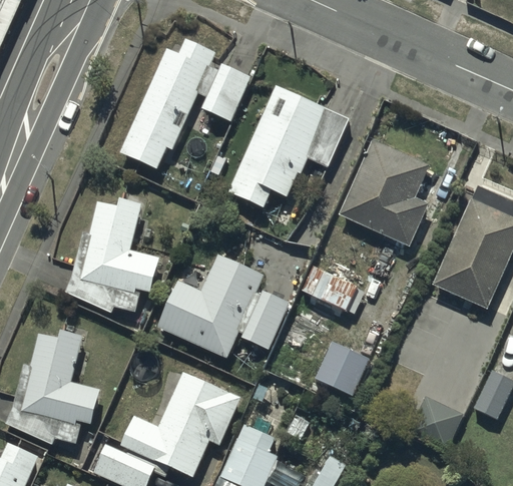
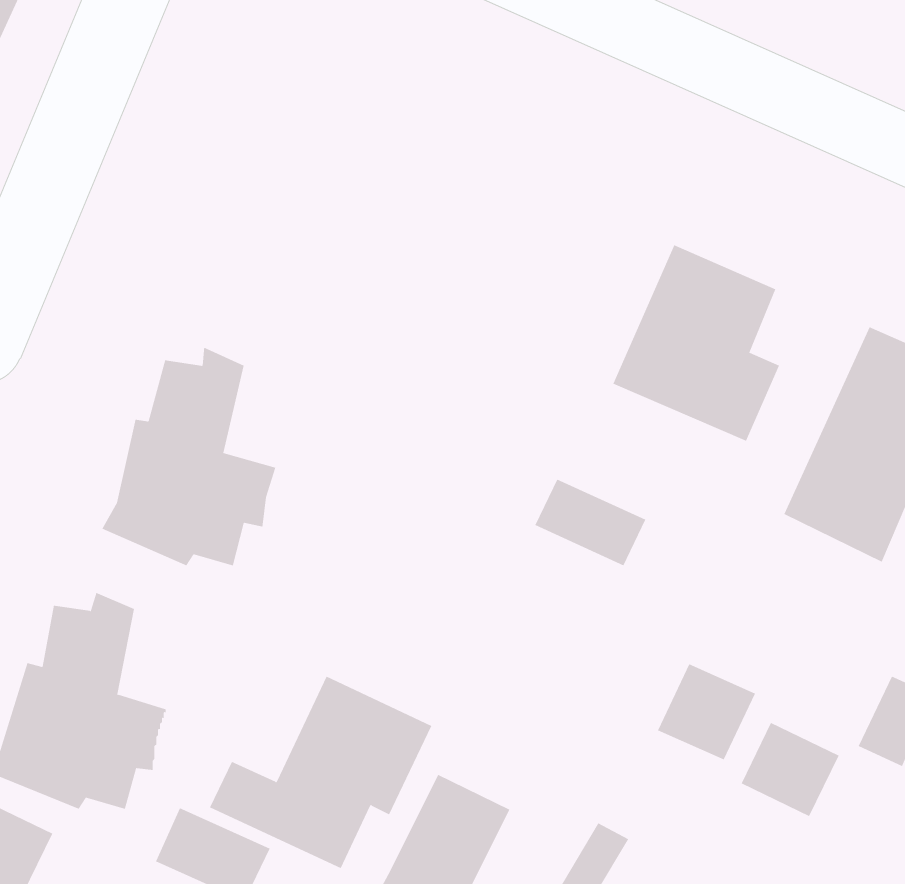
building: [120,36,251,167] -> none
building: [227,84,350,207] -> none
building: [158,255,291,357] -> none
building: [316,343,369,395] -> [657,664,756,760]

